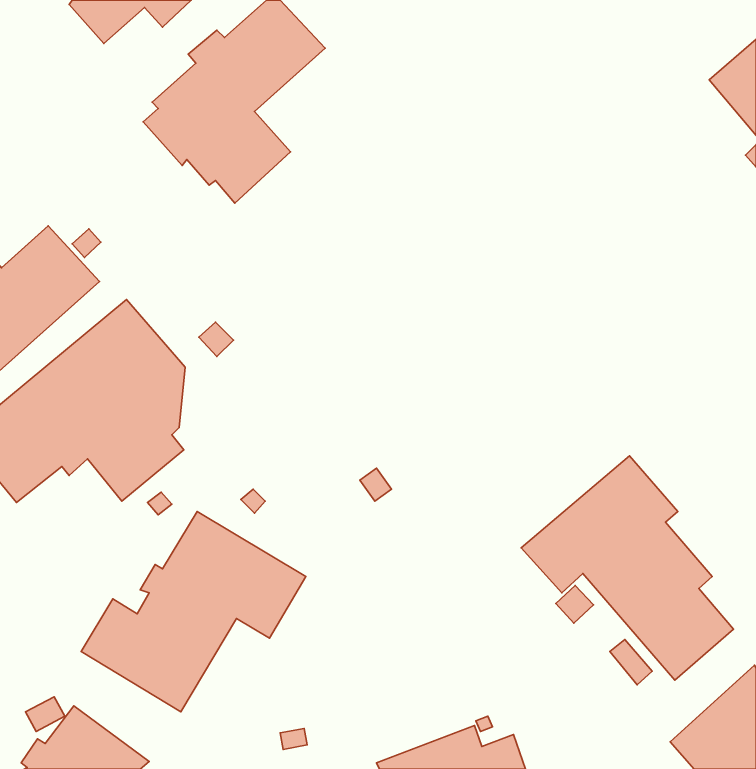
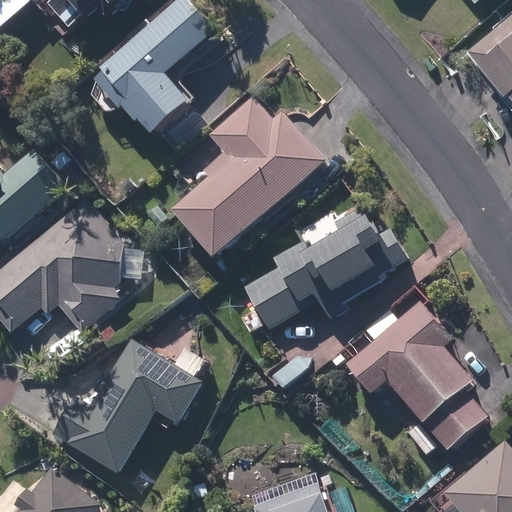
building: none -> [173,98,325,258]
building: none -> [243,205,408,330]

